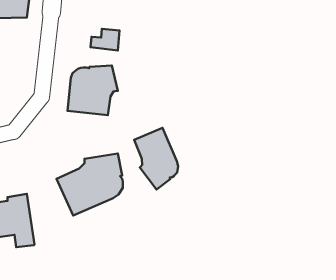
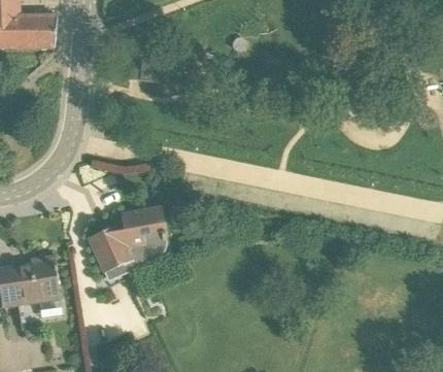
building: [68,65,118,115] -> none
building: [134,128,178,189] -> none

